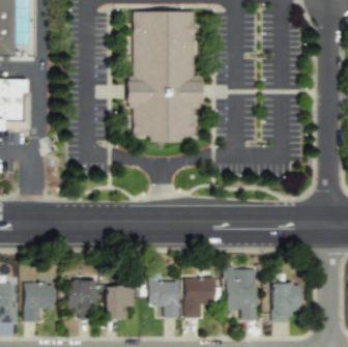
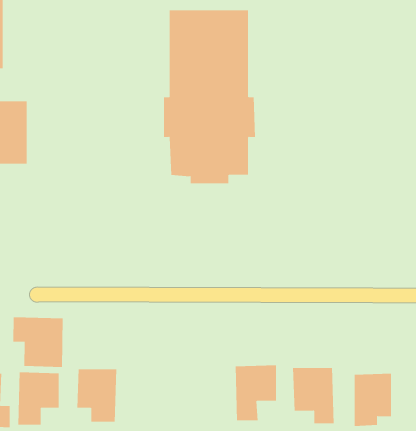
building: none -> [13,316,63,368]
building: [149,272,180,317] -> none
building: [105,284,135,318] -> none

